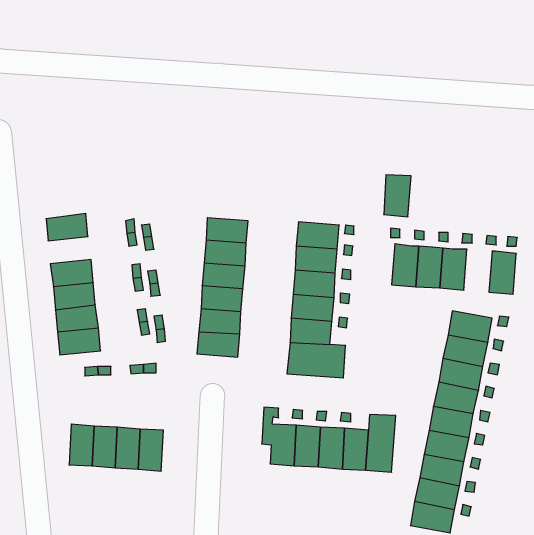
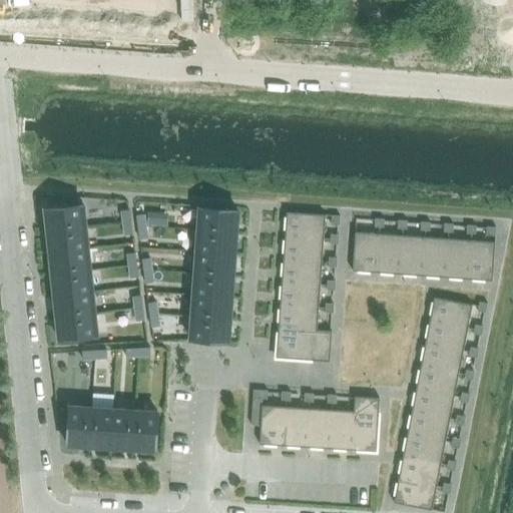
building: [384,175,411,217] -> [352,232,378,273]
building: none -> [46,226,87,252]
building: none -> [444,238,471,280]

